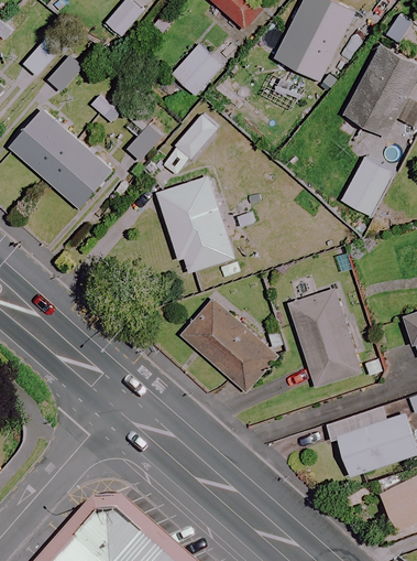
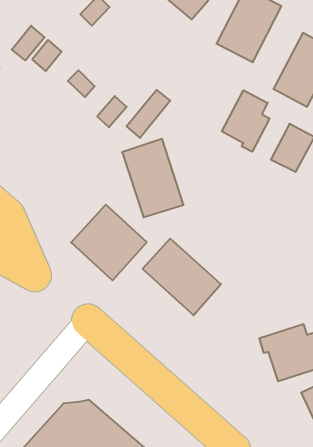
building: [171,45,221,96] -> none
building: [11,110,113,208] -> none
building: none -> [222,90,270,152]
building: none -> [71,205,147,280]
building: [285,276,361,388] -> none

